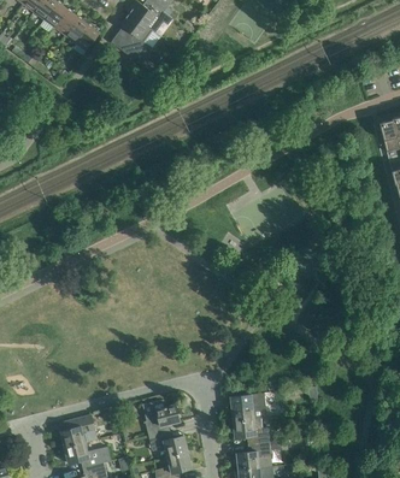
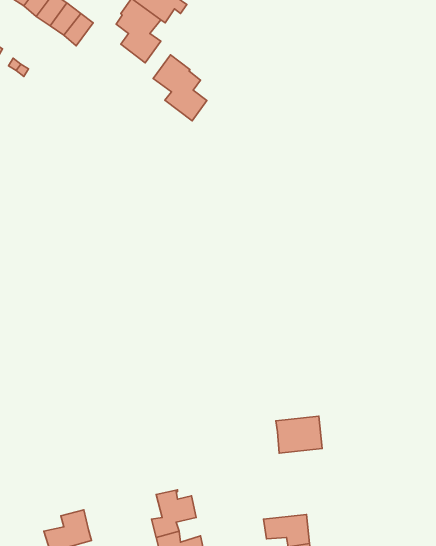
building: none -> [153,55,207,121]
building: [230,393,266,421] -> [276,416,322,453]

